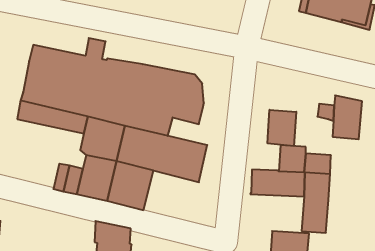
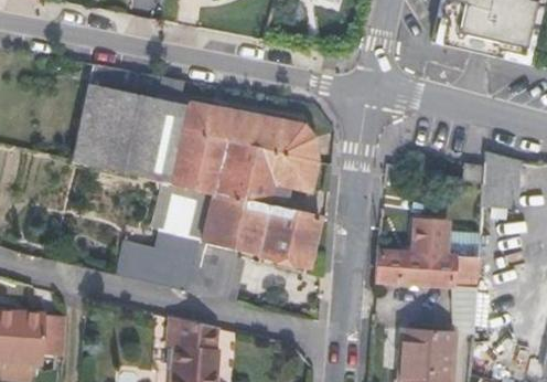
building: [268,110,296,146] -> none

